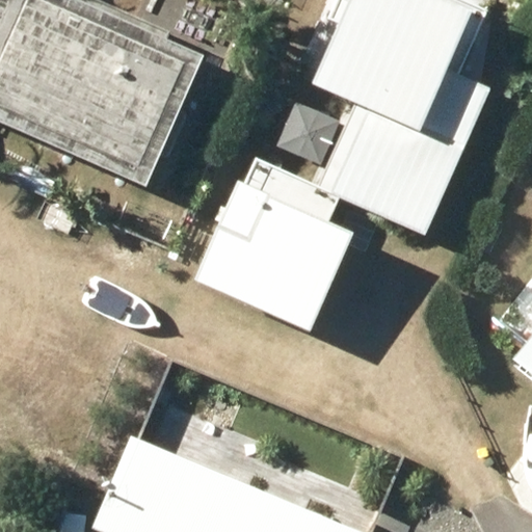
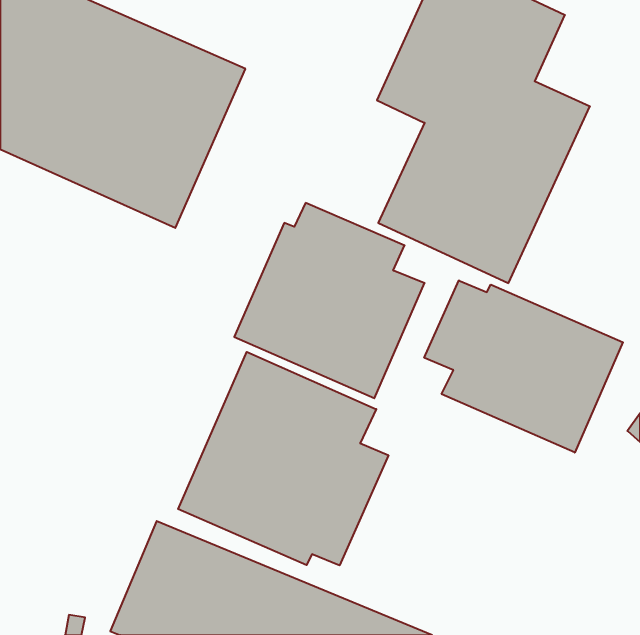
building: none -> [424,280,623,453]
building: none -> [178,352,388,565]

